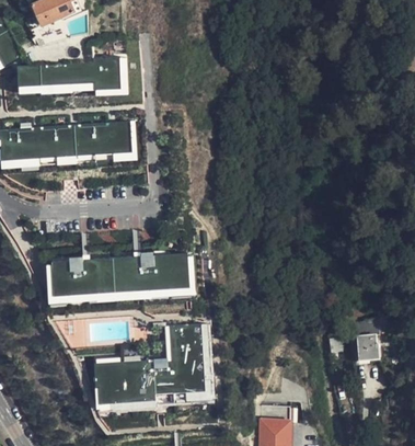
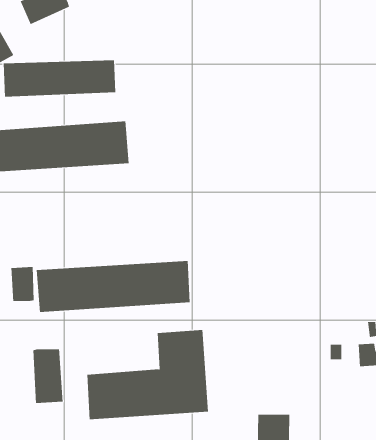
building: none -> [11,266,34,302]
building: none -> [33,349,63,404]

